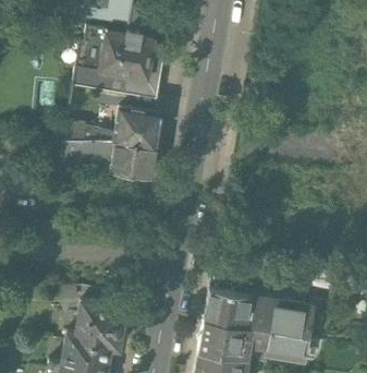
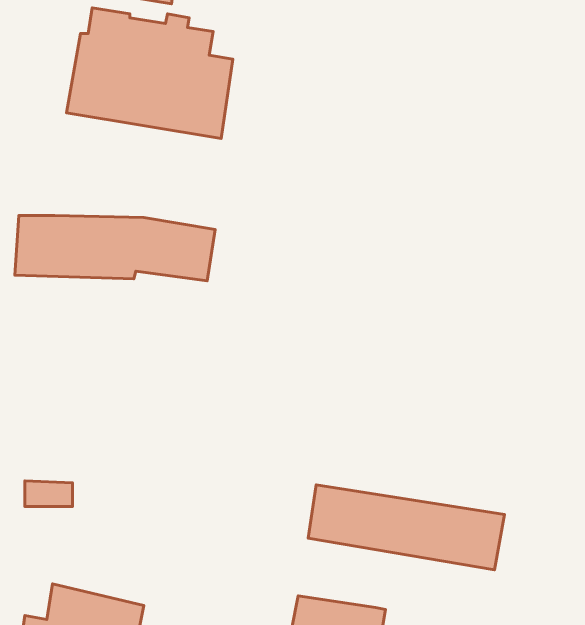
building: [65,105,160,147] -> none
building: [64,300,131,357] -> none
building: [199,317,307,358] -> none

